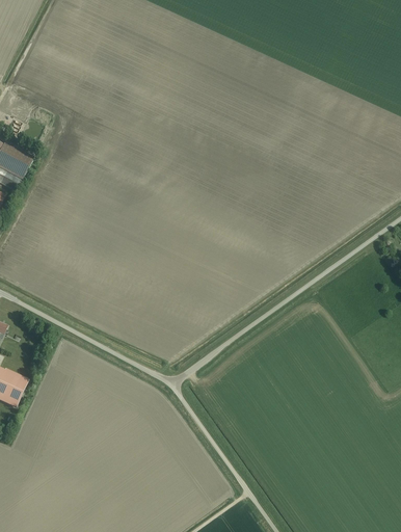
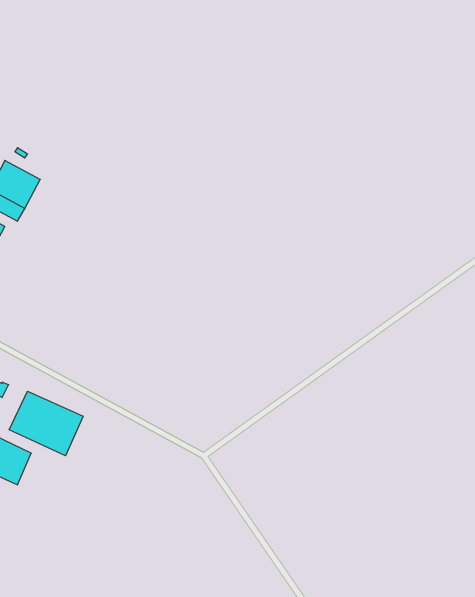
building: none -> [9,391,83,456]

